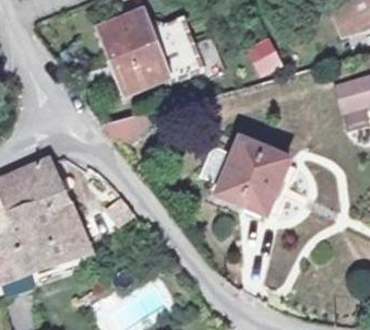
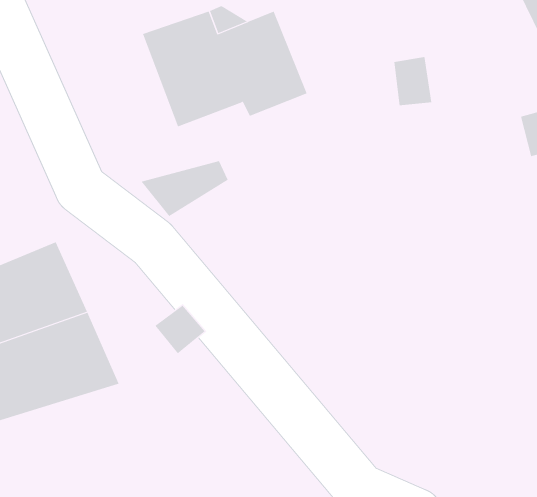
building: [217,137,296,212] -> none

